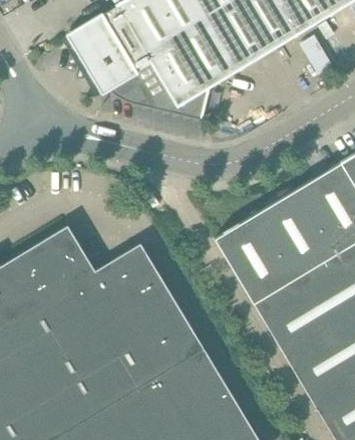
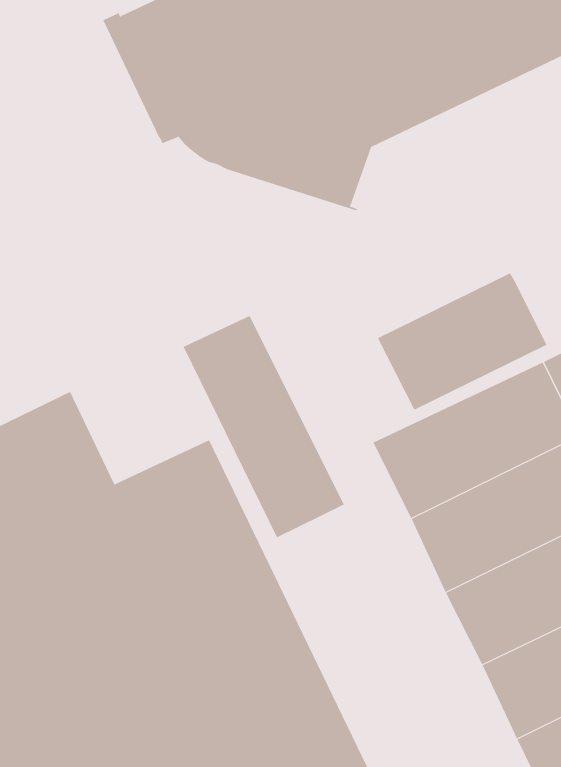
building: none -> [377,272,547,411]
building: none -> [183,315,344,538]

